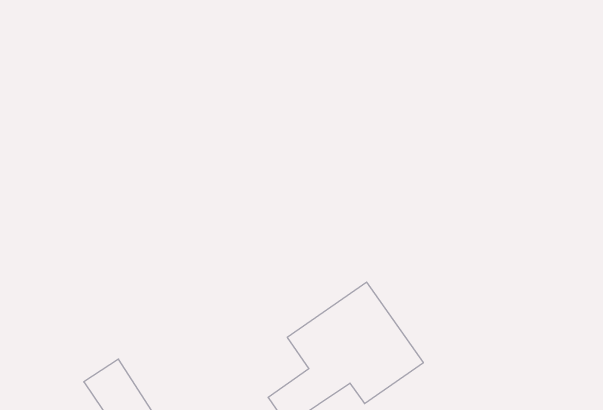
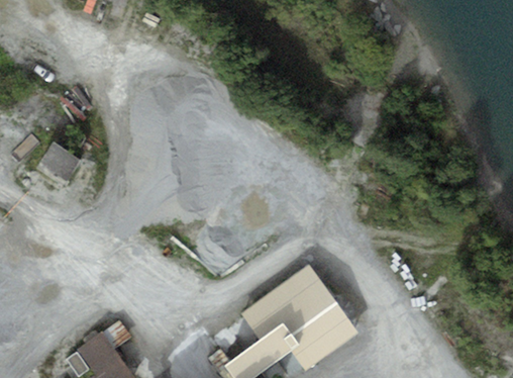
building: none -> [37,139,80,180]

